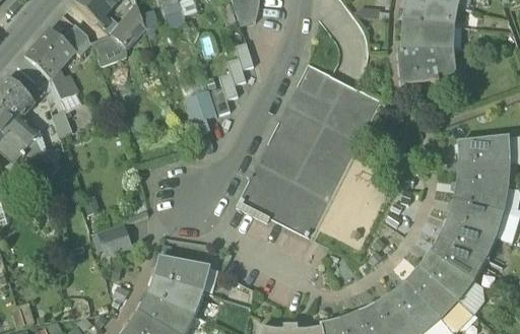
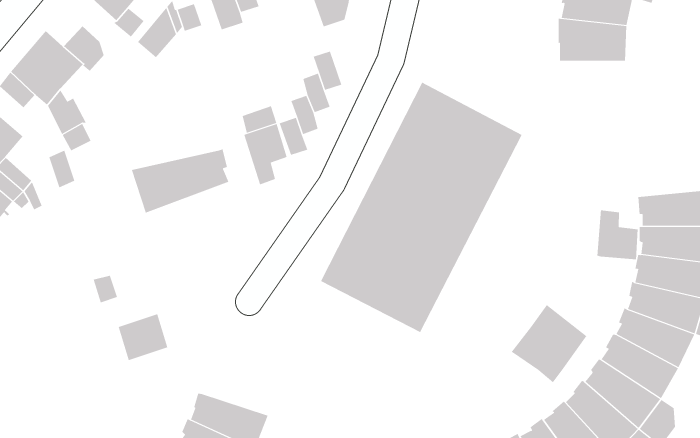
building: [92,36,127,66] -> none
building: [397,49,452,84] -> none
building: none -> [131,148,229,214]
building: none -> [597,210,638,260]
building: none -> [511,304,587,383]
building: [156,257,210,292] -> none

